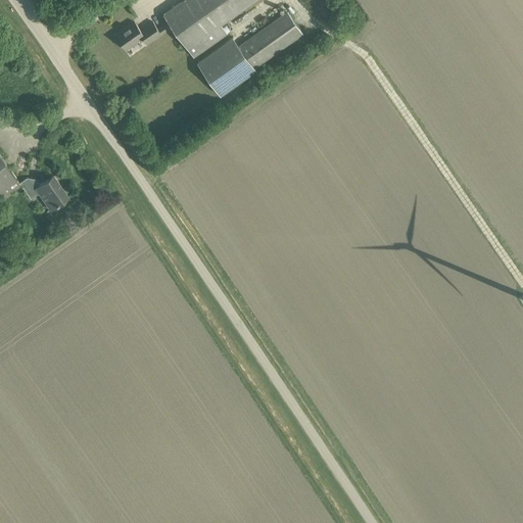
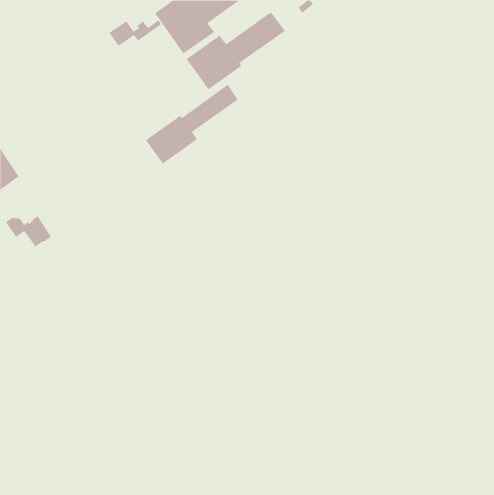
building: none -> [145,84,238,165]
building: [18,176,67,209] -> [5,215,52,247]

